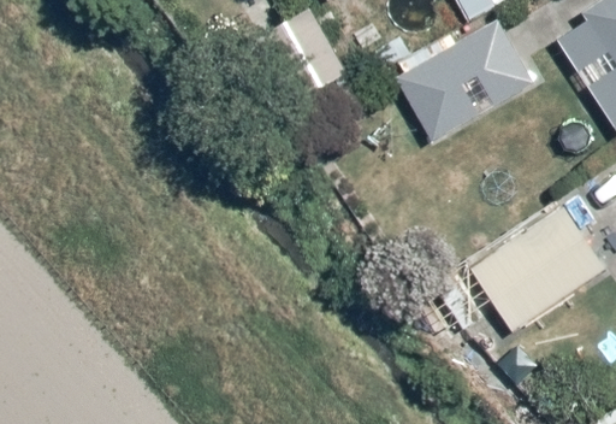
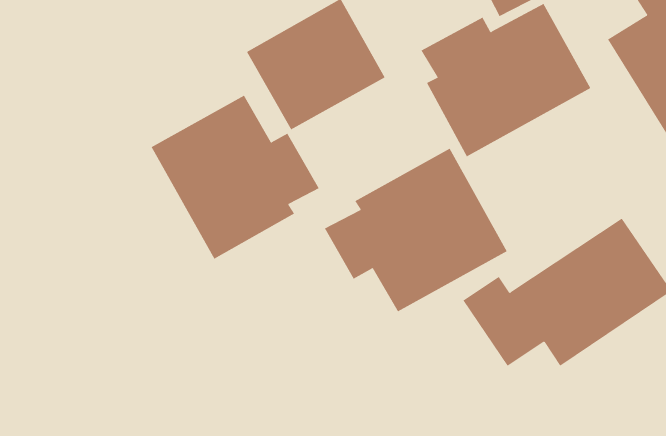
building: none -> [151,95,319,260]
building: none -> [324,148,507,312]

